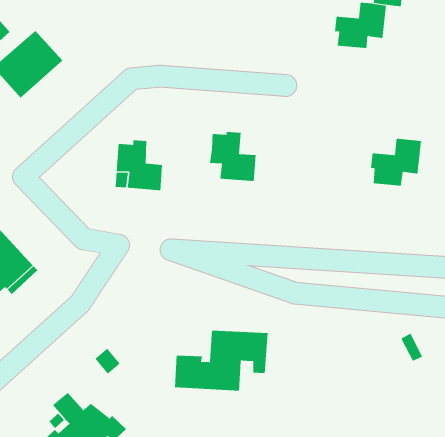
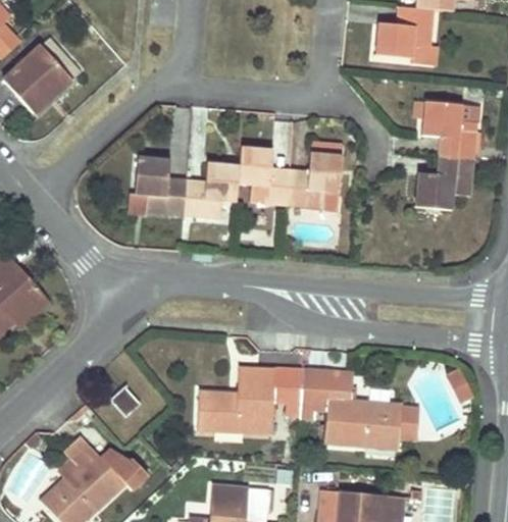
building: none -> [420,101,478,159]
building: none -> [288,151,341,208]
building: none -> [185,162,240,217]
building: none -> [300,371,414,447]

